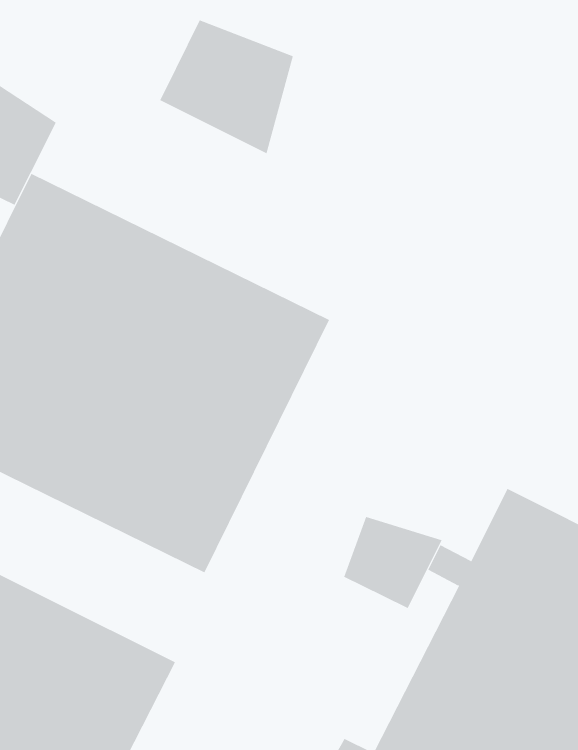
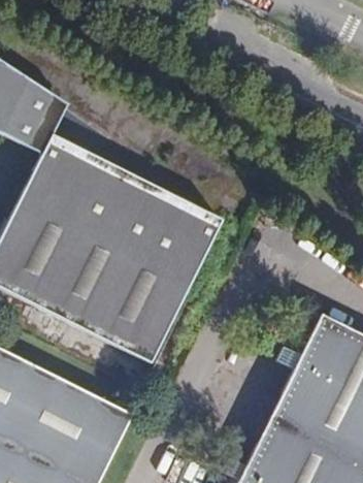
building: [160,19,293,154] -> none
building: [344,516,442,609] -> none

